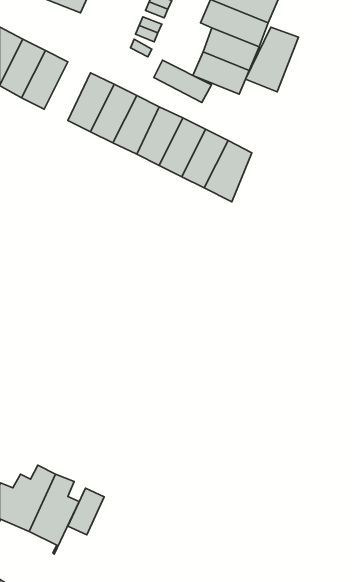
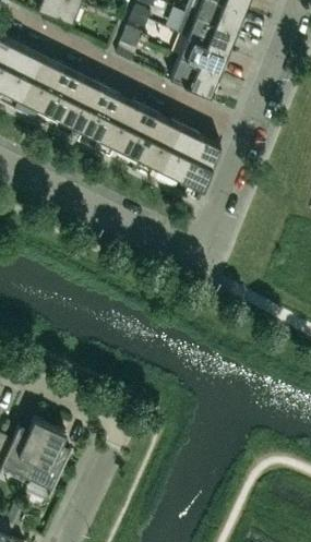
building: [246,27,299,92] -> none
building: [154,60,212,103] -> none
building: none -> [39,65,80,117]
building: [68,488,104,535] -> none

